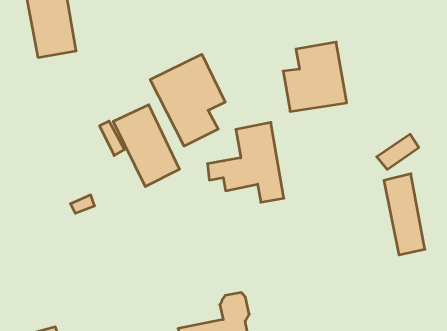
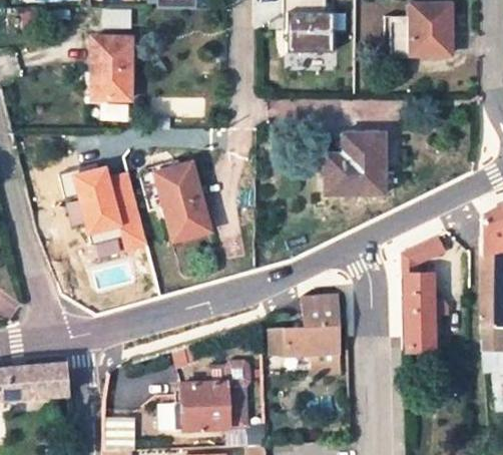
building: [150,54,225,146] -> none
building: [207,122,284,202] -> [267,297,336,372]
building: none -> [76,167,148,252]

